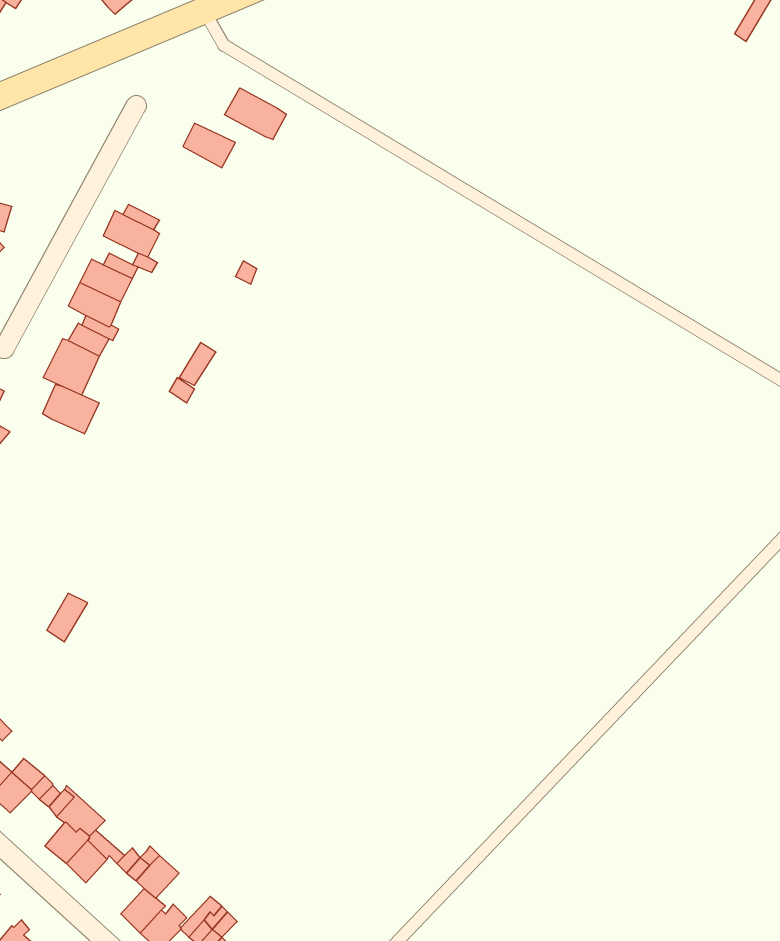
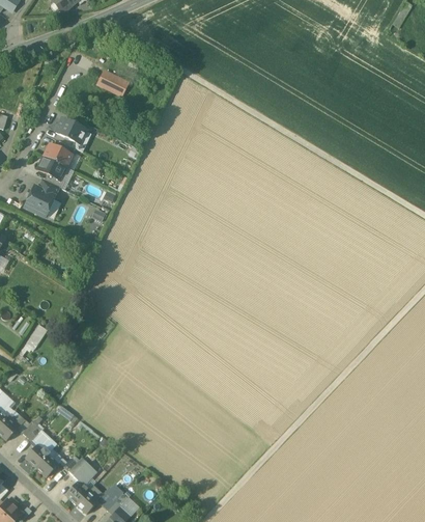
building: [224,88,286,140] -> none
building: [42,384,99,434] -> none

